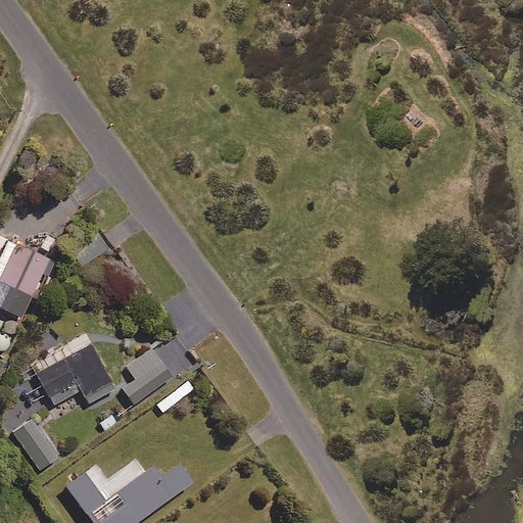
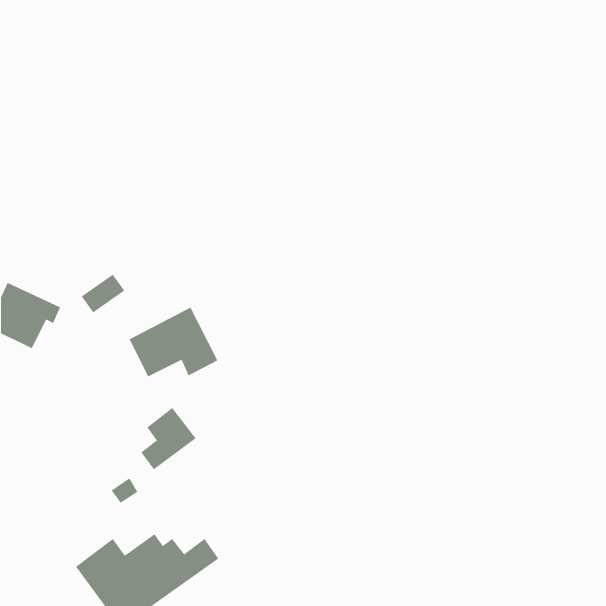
building: [37,345,113,406] -> [129,307,218,377]
building: [12,419,60,471] -> none

